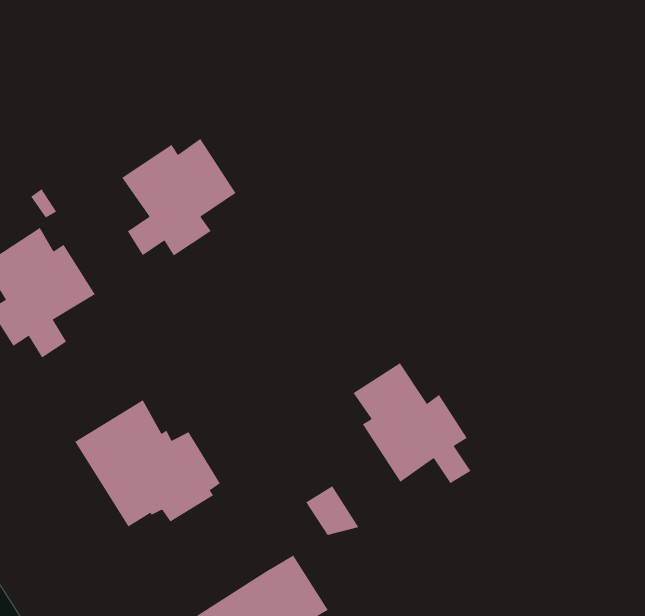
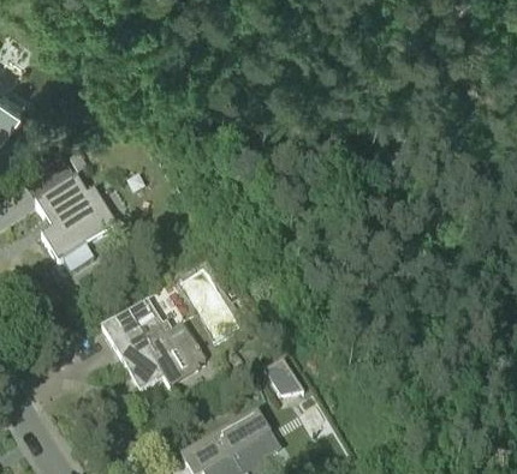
building: [121,138,237,256] -> none
building: [352,362,472,484] -> none

